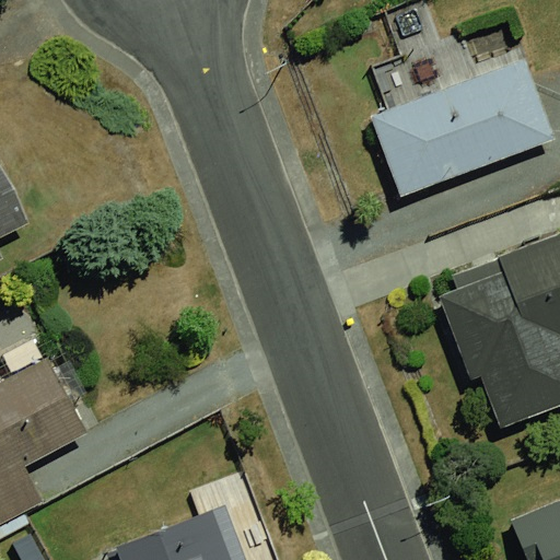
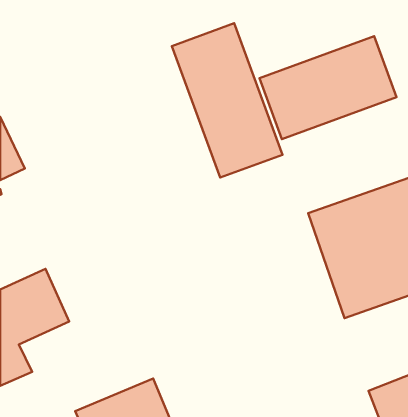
building: none -> [172,23,282,178]

